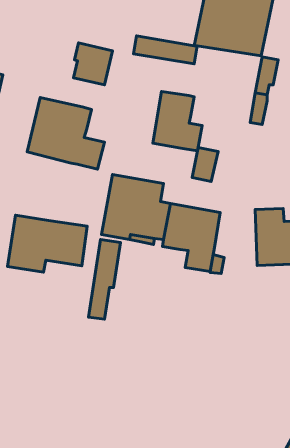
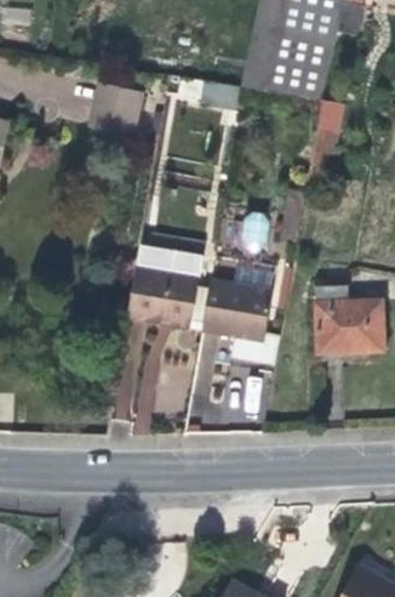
building: [153,92,202,151] -> none
building: [27,98,105,169] -> none
building: [7,215,87,272] -> none

